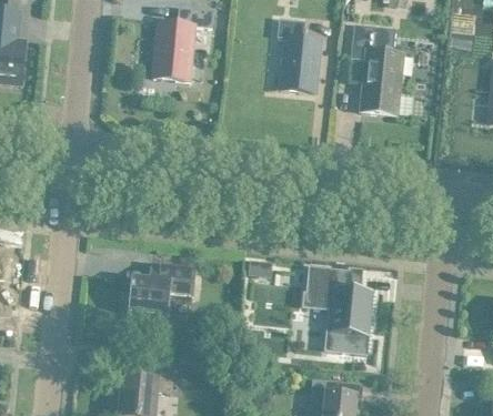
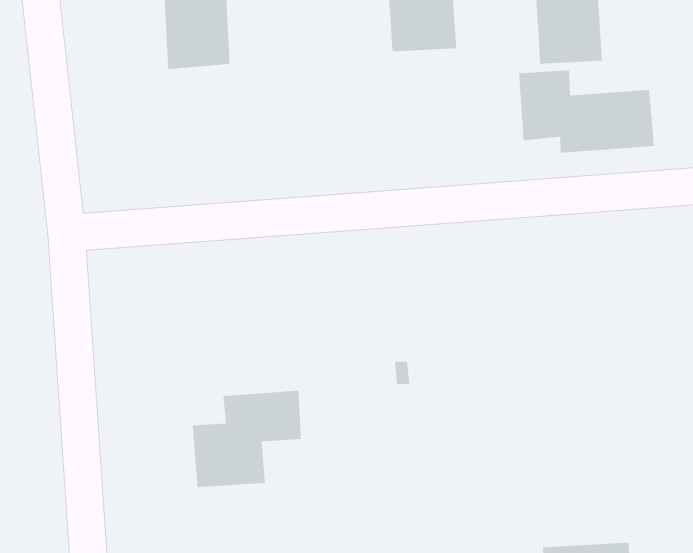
building: none -> [518,70,655,154]
building: [304,266,373,354] -> none

